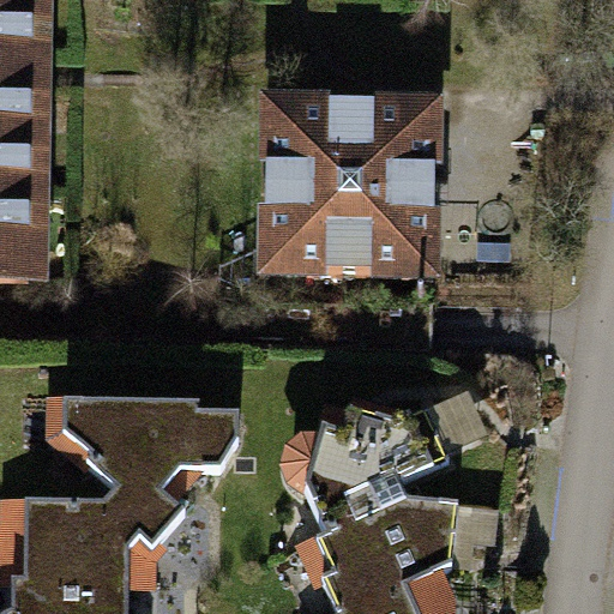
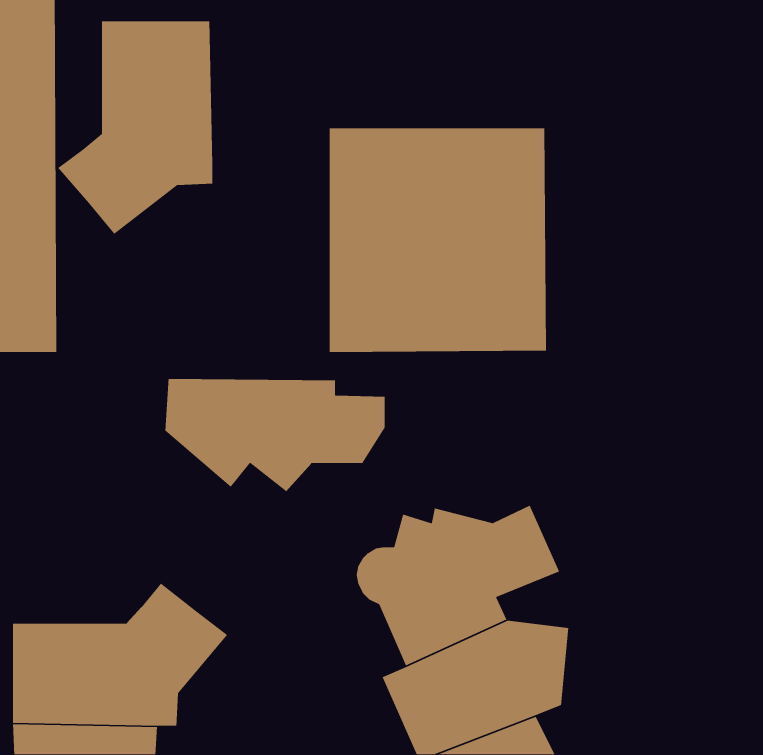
building: none -> [57,20,213,235]
building: [60,397,236,488] -> [165,378,385,492]

